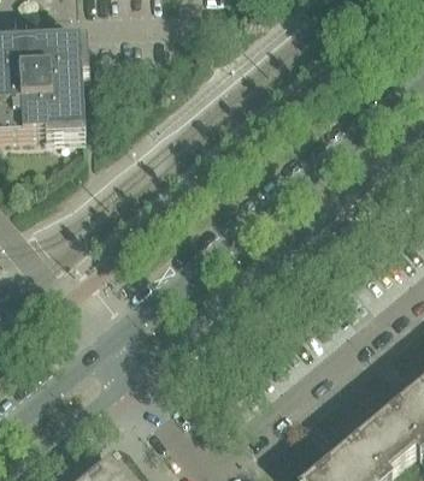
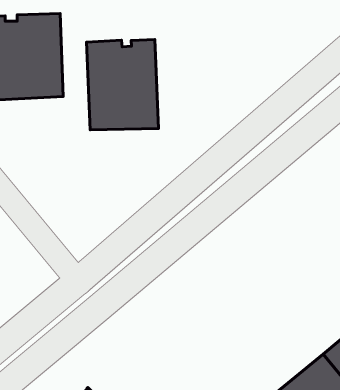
building: none -> [87,39,158,130]

